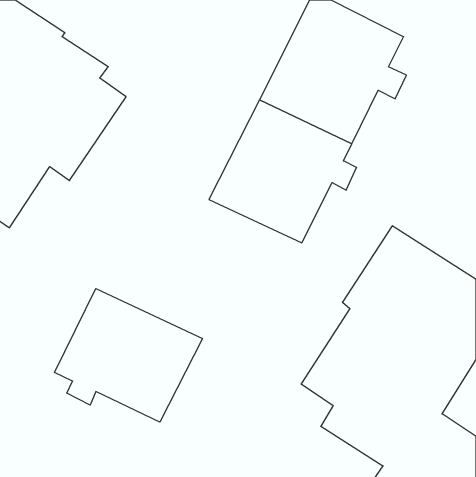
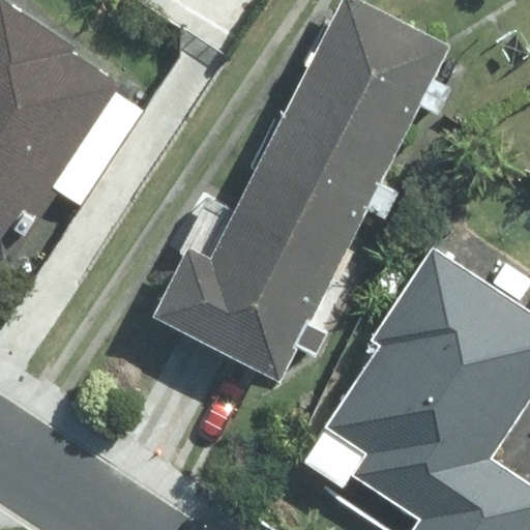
building: none -> [156,224,332,378]
building: [55,289,202,422] -> none

